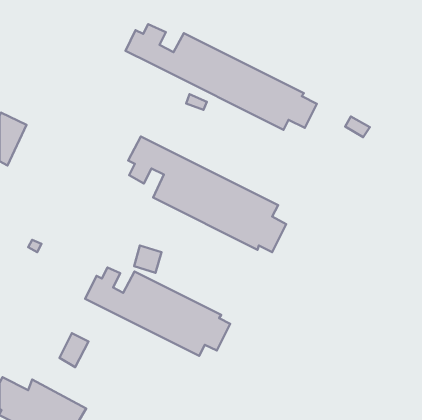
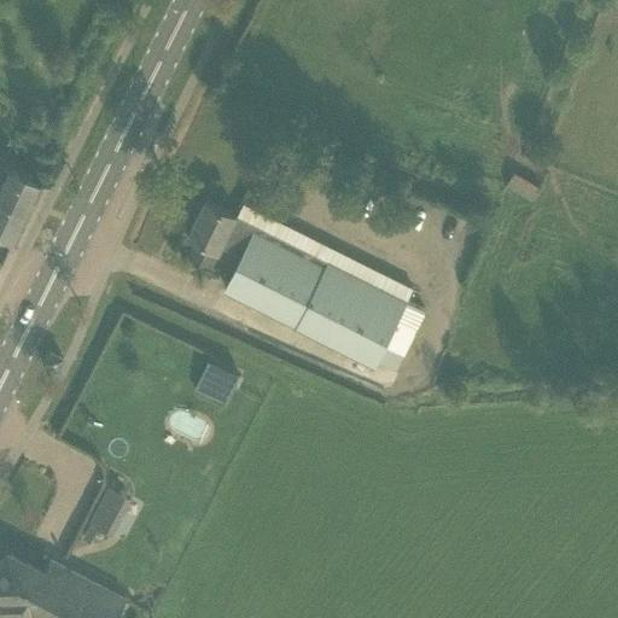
building: [126,24,317,130] -> none
building: [85,268,230,356] -> none

